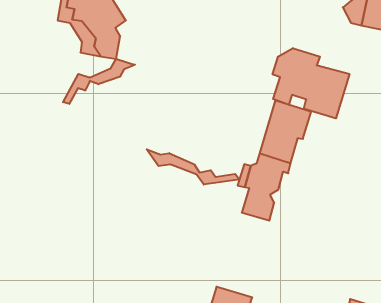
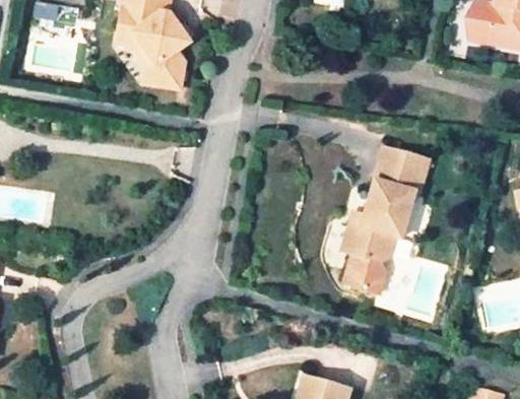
building: [273,48,349,118] -> none
building: [63,59,135,104] -> none
building: [147,149,240,185] -> none

